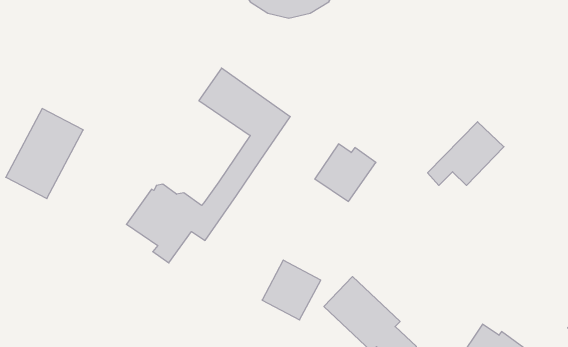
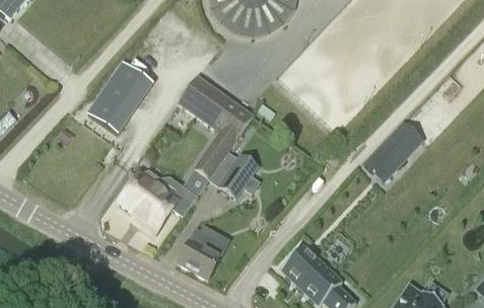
building: [6,109,83,199] -> [89,59,152,132]
building: [315,144,376,201] -> [209,151,259,198]
building: [262,260,321,320] -> [178,229,225,278]

